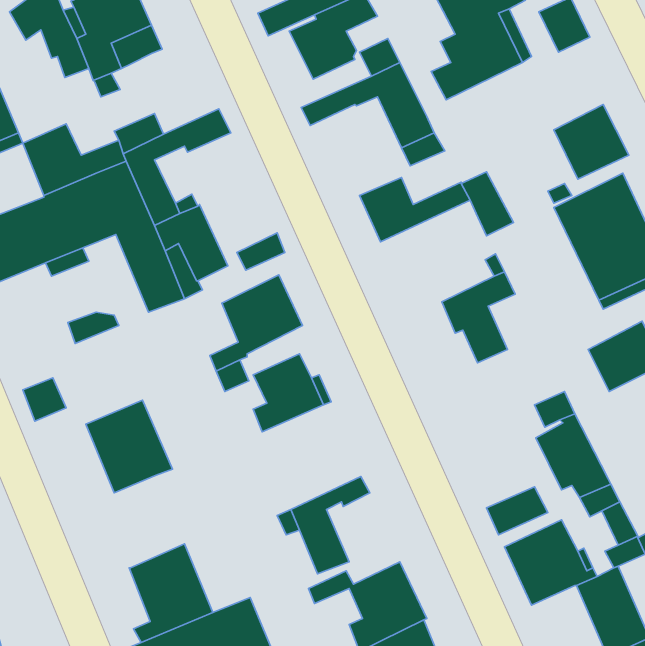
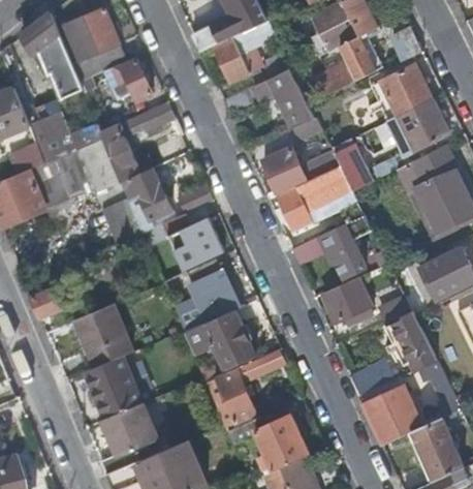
building: none -> [104,59,152,101]
building: none -> [379,63,431,116]
building: none -> [277,164,343,231]
building: none -> [321,278,371,322]
building: none -> [185,310,254,368]
building: none -> [85,355,141,419]

